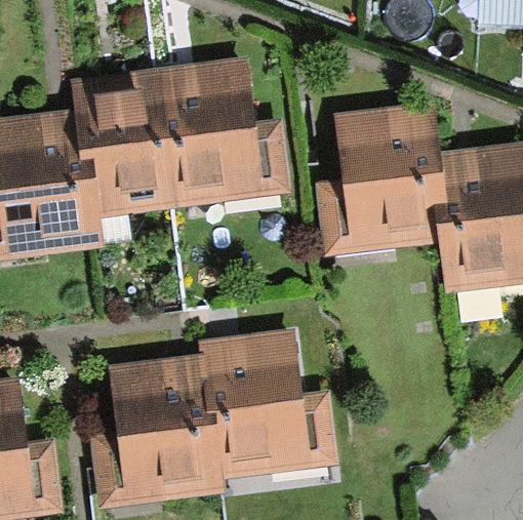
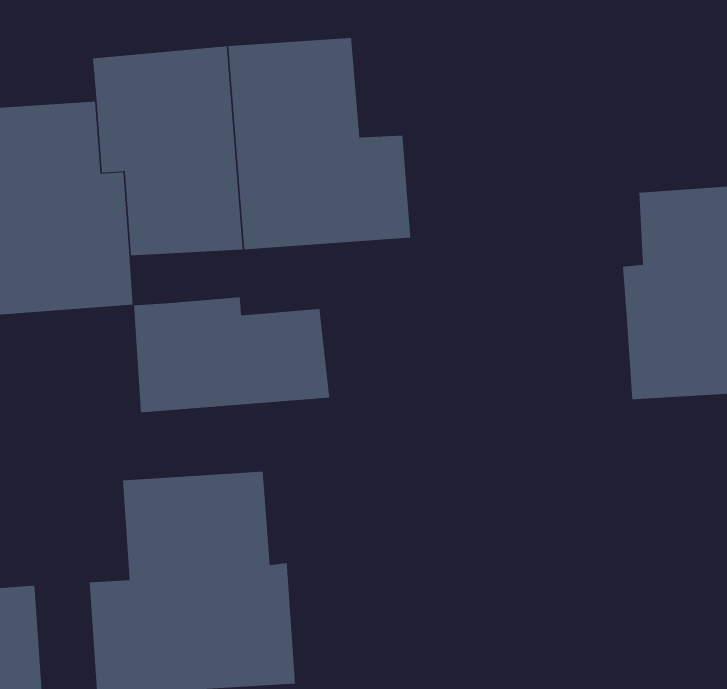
building: [312,105,446,257] -> none
building: none -> [134,296,330,413]
building: [199,329,335,478] -> none

